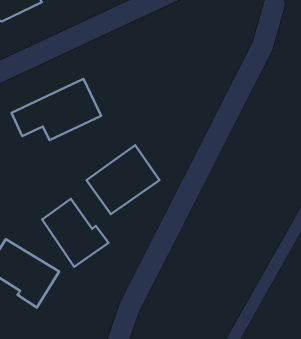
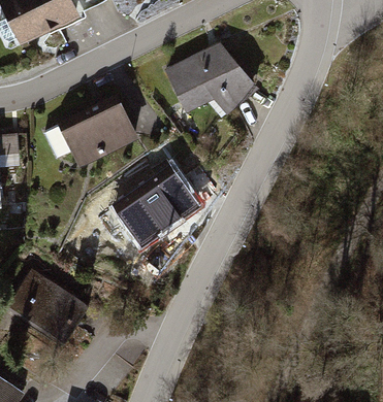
building: none -> [165,44,258,115]
building: [42,199,108,267] -> none

